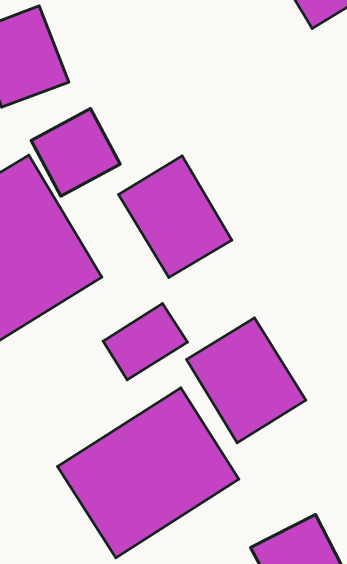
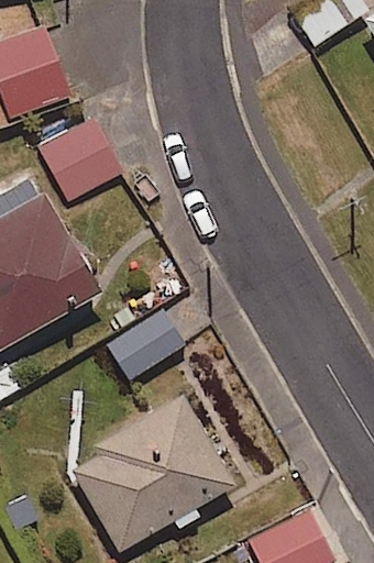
building: [119,156,232,278] -> none
building: [186,318,306,443] -> none

